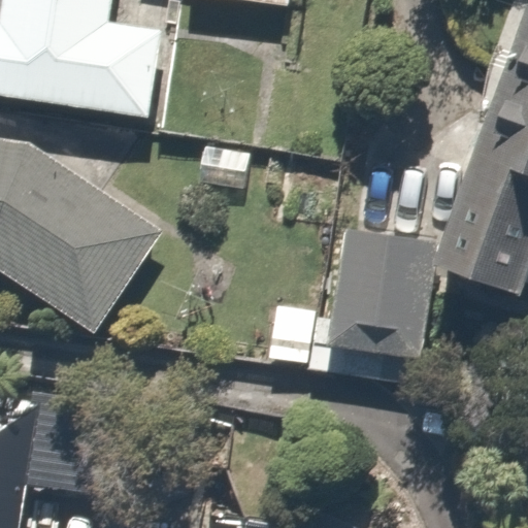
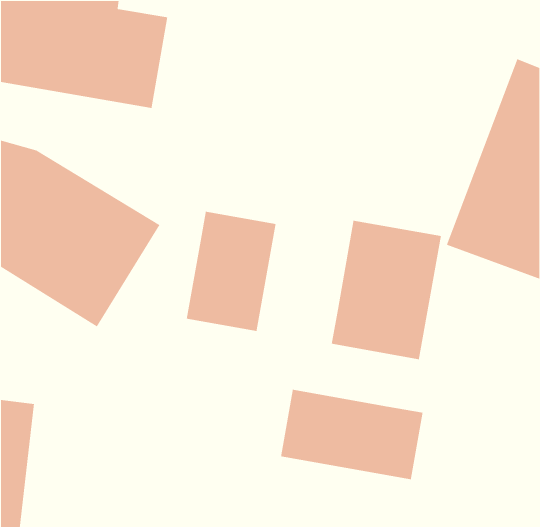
building: none -> [186,211,277,332]
building: none -> [280,389,424,480]

